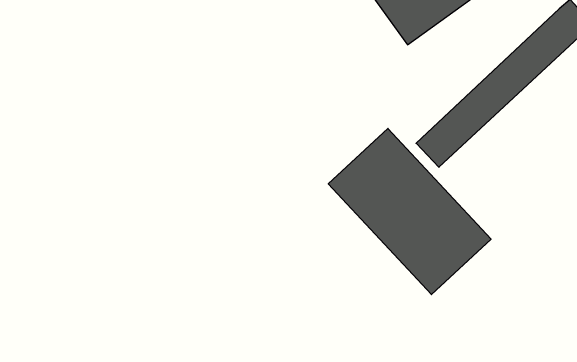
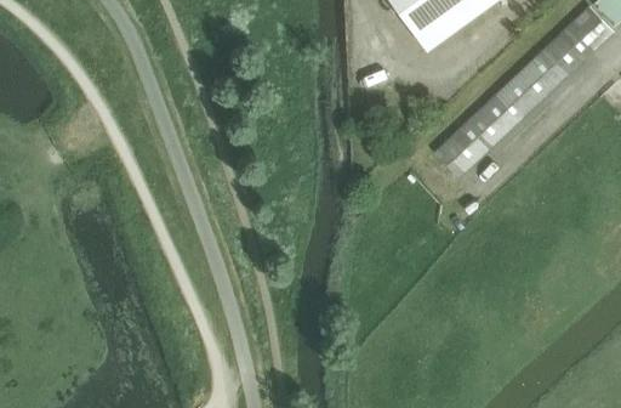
building: [328,128,491,295] -> none

